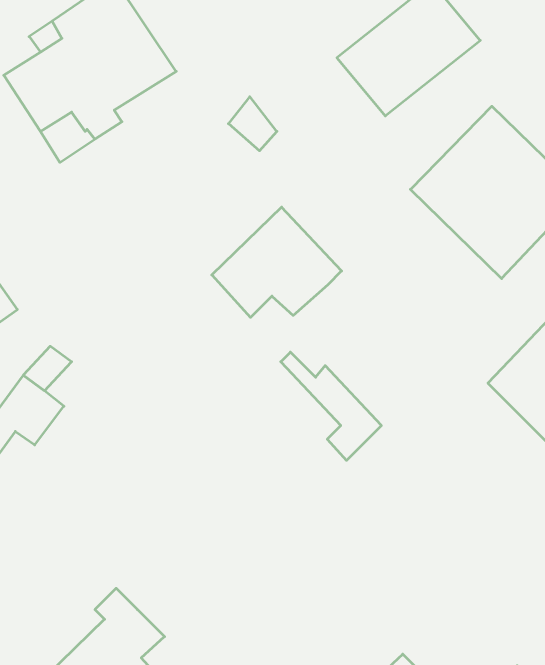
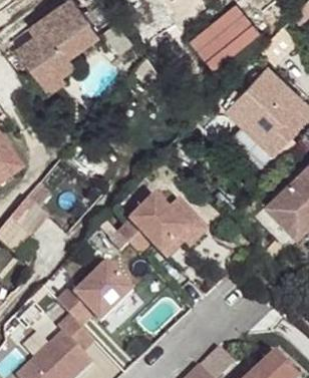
building: [212,207,342,317] -> [121,196,189,253]
building: none -> [59,262,135,324]

